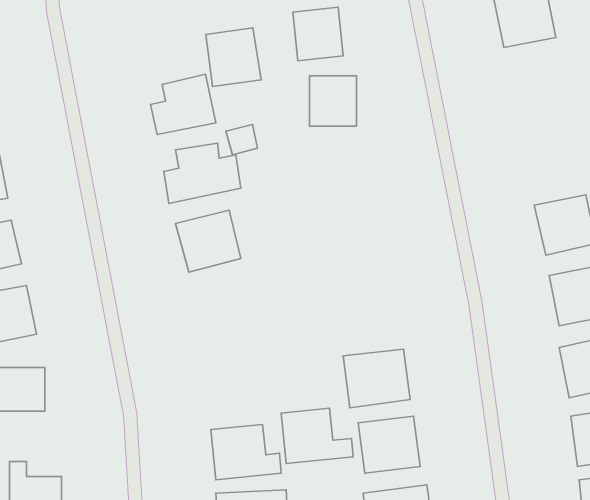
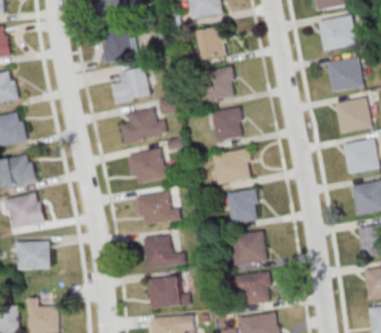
building: [206,28,261,87] -> [100,28,133,63]
building: none -> [325,57,362,93]
building: none -> [333,98,370,134]
building: none -> [212,107,245,141]
building: none -> [212,148,254,184]
building: none -> [227,188,261,223]
building: none -> [137,192,180,225]
building: [281,408,353,464] -> [143,235,186,268]

